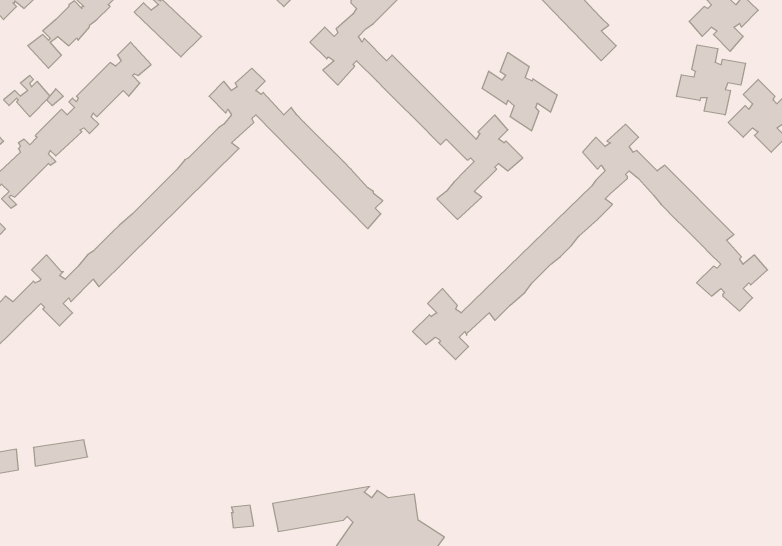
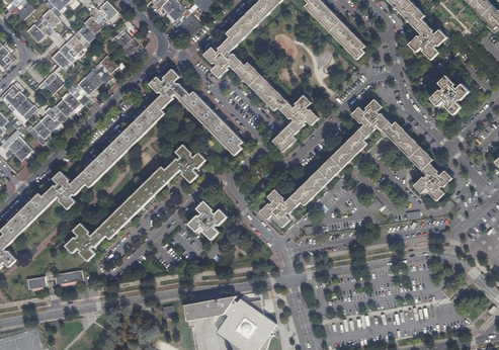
building: [677,45,746,115] -> none
building: [482,52,557,131] -> none
building: none -> [65,144,205,261]
building: none -> [187,200,227,240]

